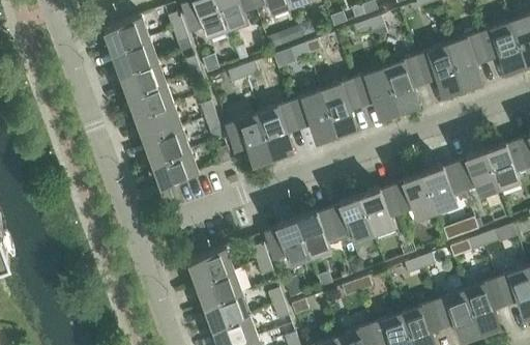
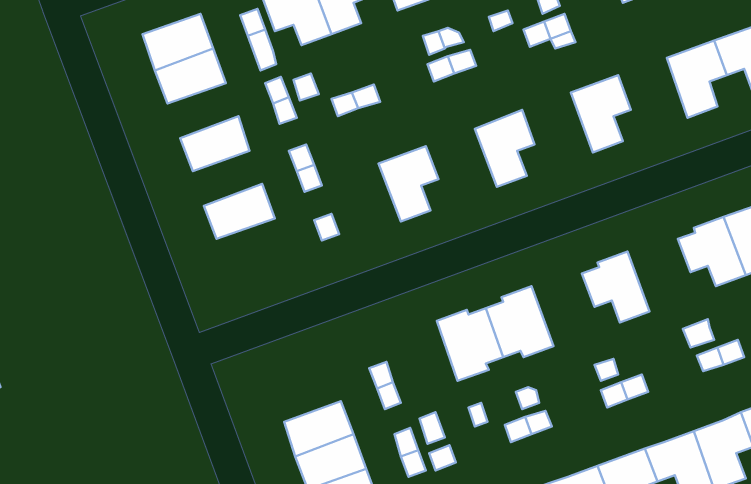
building: [415,46,461,92] -> none
building: [119,62,166,98] -> none
building: [352,68,399,115] -> none
building: [289,92,335,138] -> none
building: [136,107,181,143] -> none
building: [226,115,272,161] -> none
building: [151,151,198,188] -> none
building: [421,165,466,212] -> none
building: [358,188,400,235] -> none
building: [265,219,310,265] -> none
building: [186,248,233,285] -> none

